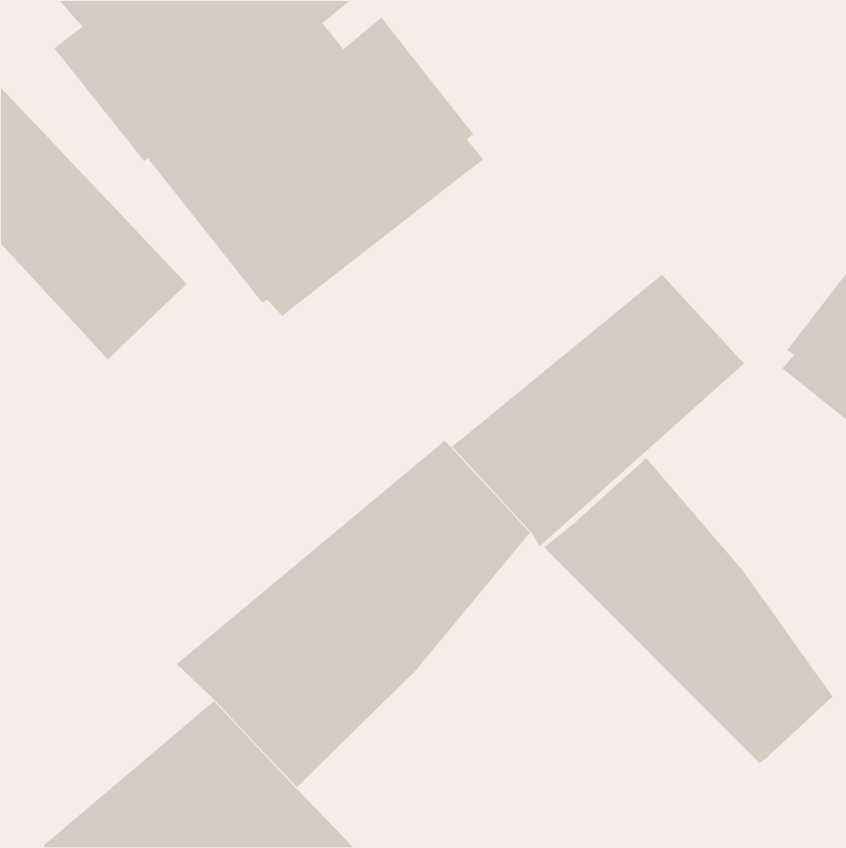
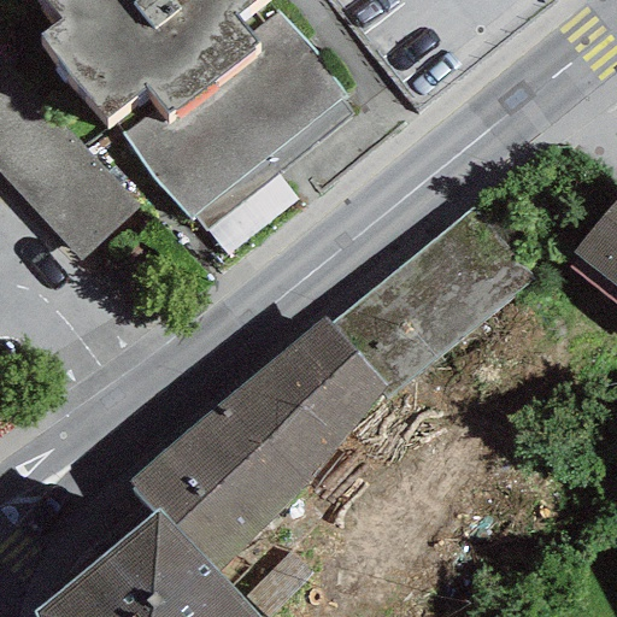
building: [543,457,834,764] -> none

